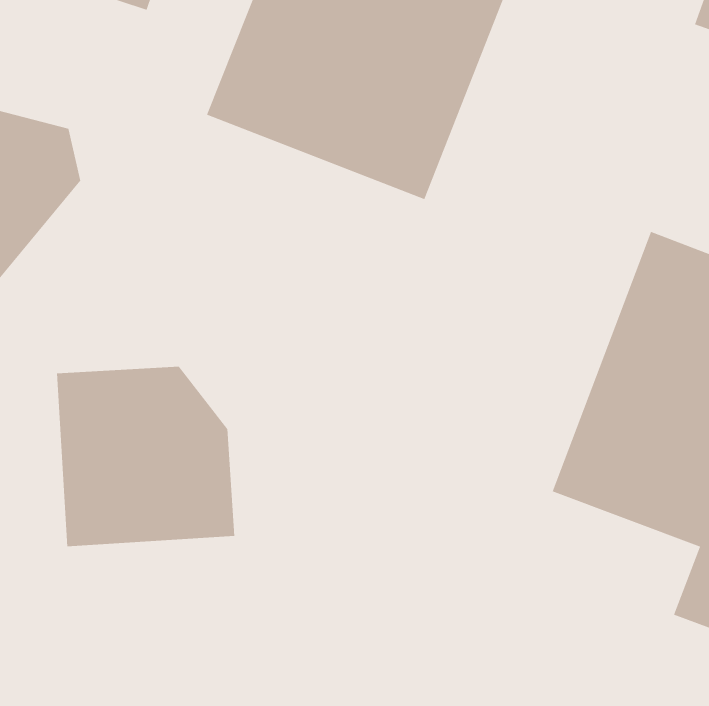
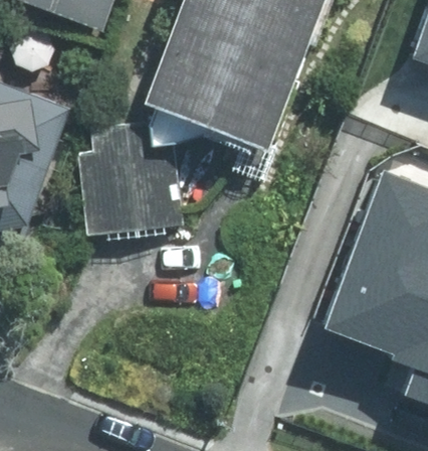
building: [56,366,235,547] -> [79,130,183,235]

